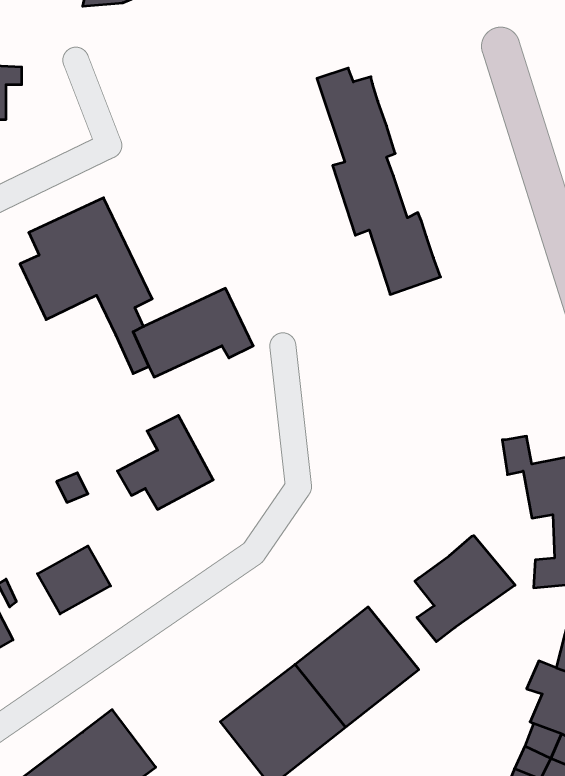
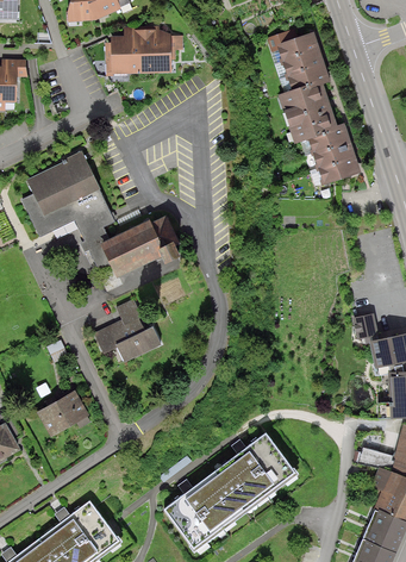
building: none -> [107,27,176,70]
building: [317,68,441,294] -> [274,27,358,182]
building: [415,536,515,642] -> none

